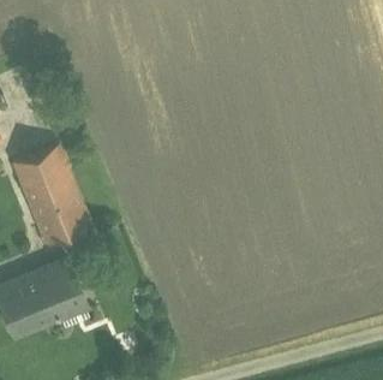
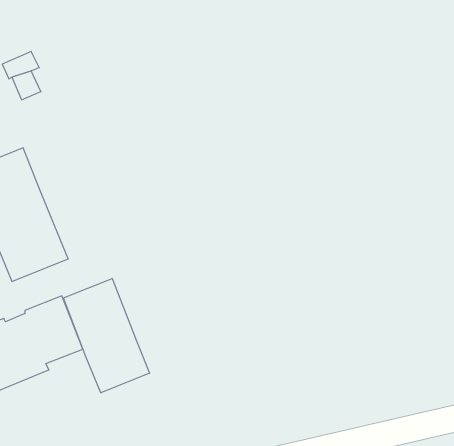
building: none -> [63,278,150,393]

